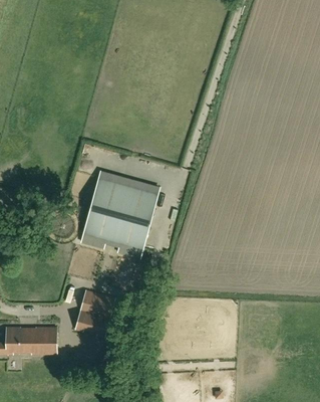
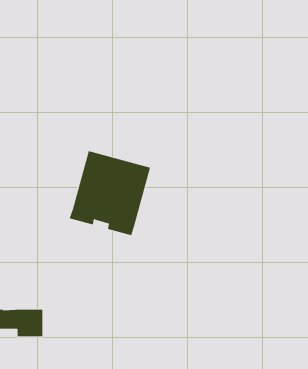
building: [74,288,114,337] -> none

